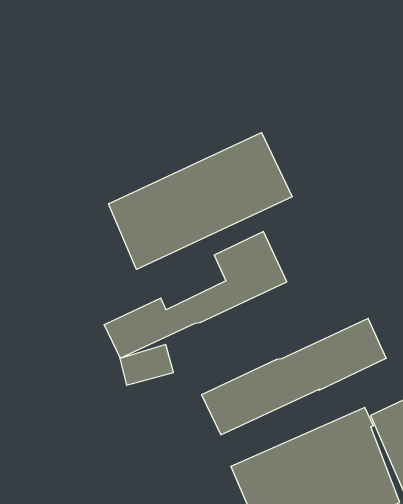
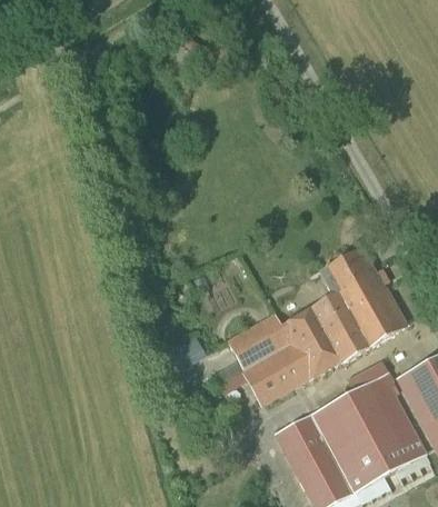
building: [109,133,292,269] -> none
building: [104,232,287,358] -> [227,247,387,370]

